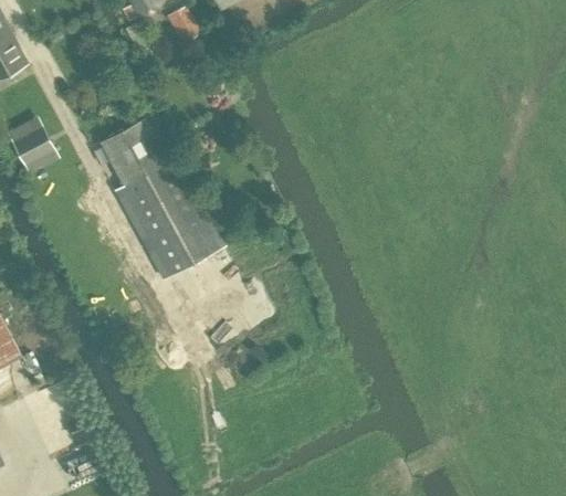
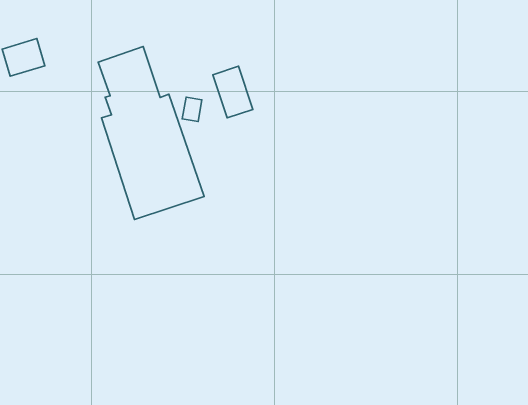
building: none -> [213,66,253,118]

